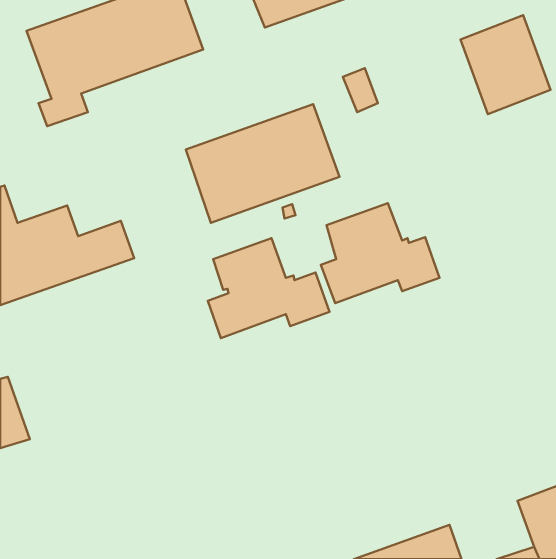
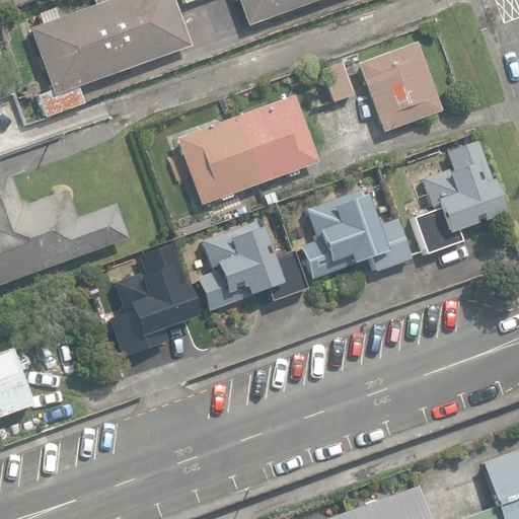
building: [460,15,551,114] -> [359,42,442,133]
building: none -> [414,139,506,253]
building: none -> [117,242,199,351]

